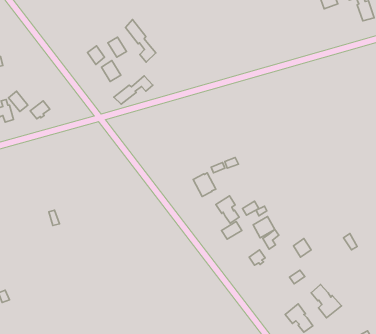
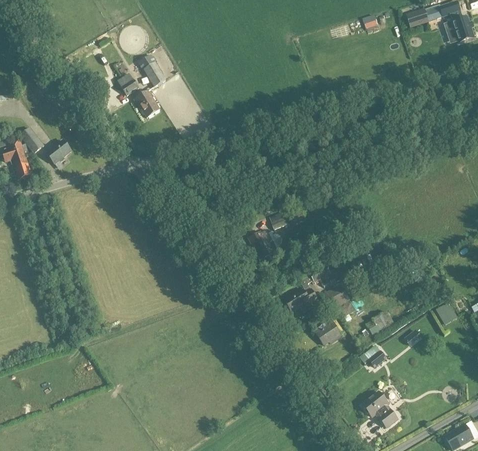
building: [126,20,156,62] -> none
building: [114,76,153,104] -> none
building: [216,196,239,223] -> none
building: [311,285,341,318] -> none

